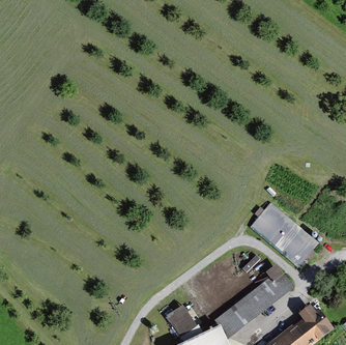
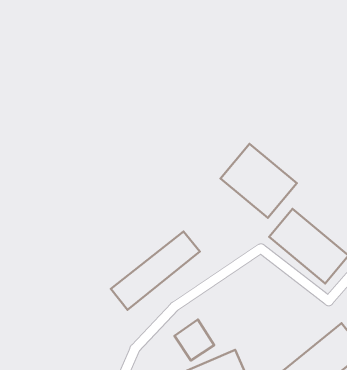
building: none -> [221,144,297,218]
building: [217,267,295,337] -> [111,232,200,310]

